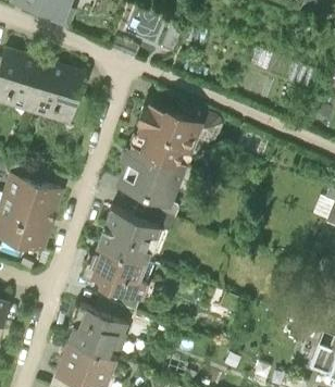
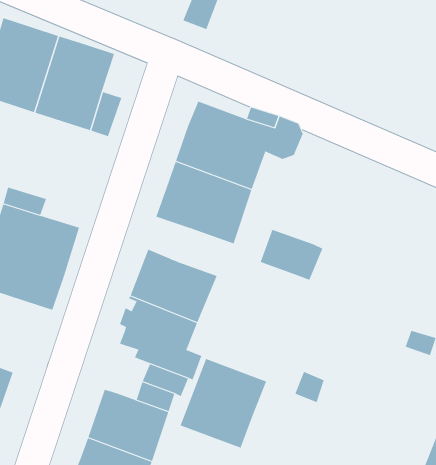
building: [134,191,179,228] -> [260,229,323,280]
building: none -> [180,358,267,449]

